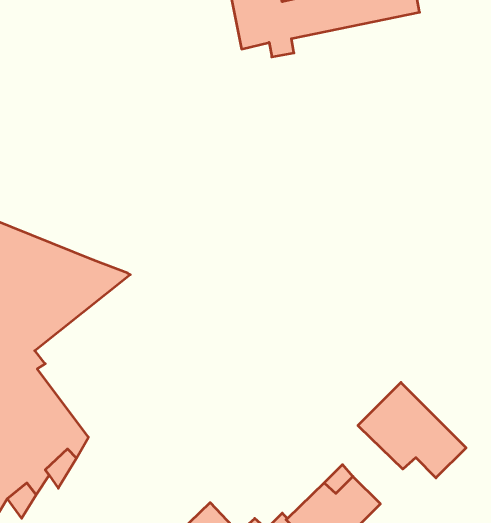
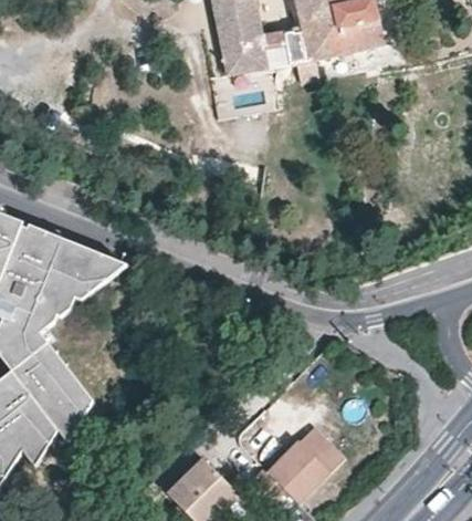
building: [358,382,466,478] -> none

